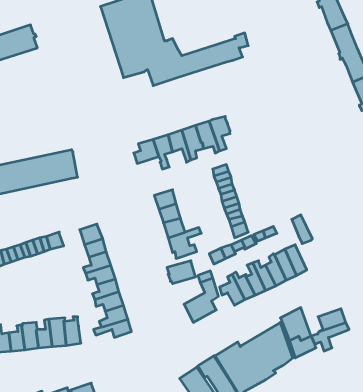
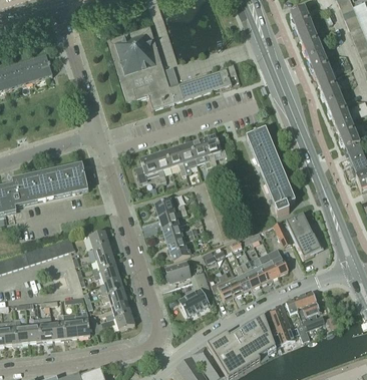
building: none -> [247,128,296,216]
building: none -> [287,215,322,258]
building: none -> [286,290,318,314]

